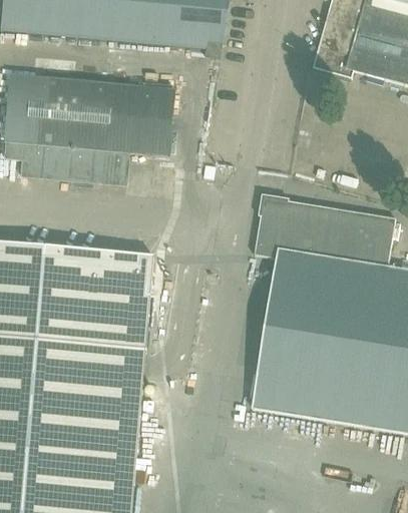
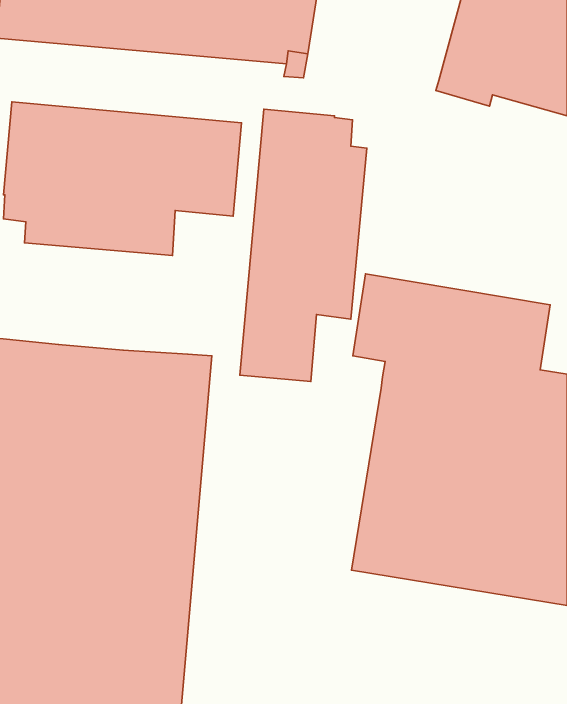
building: none -> [240,109,367,382]

